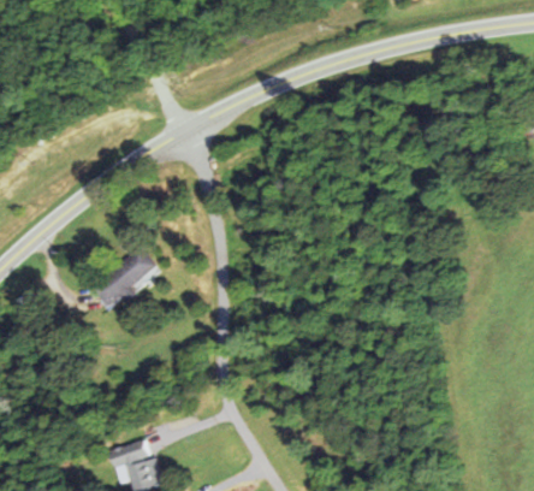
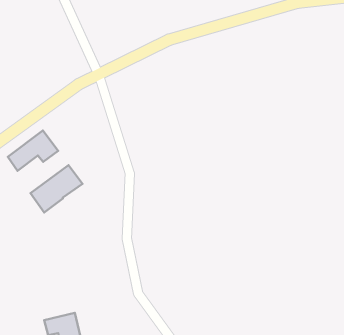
building: none -> [8,130,58,171]

